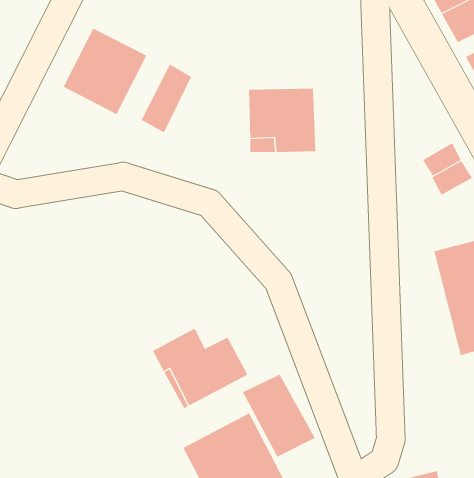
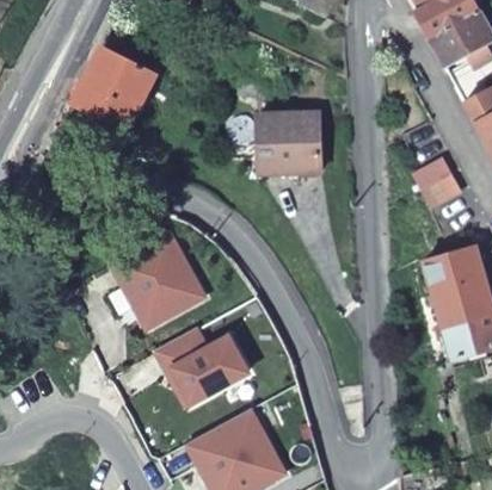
building: [141,64,192,133] -> none
building: none -> [119,234,207,329]
building: [242,374,315,458] -> none

